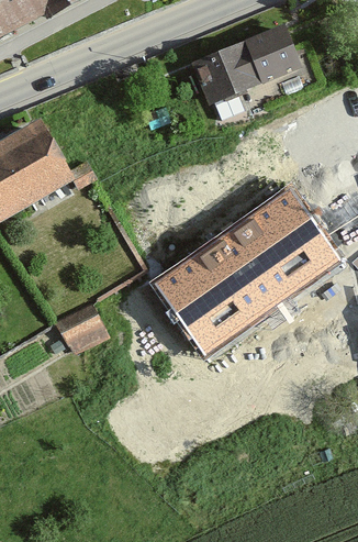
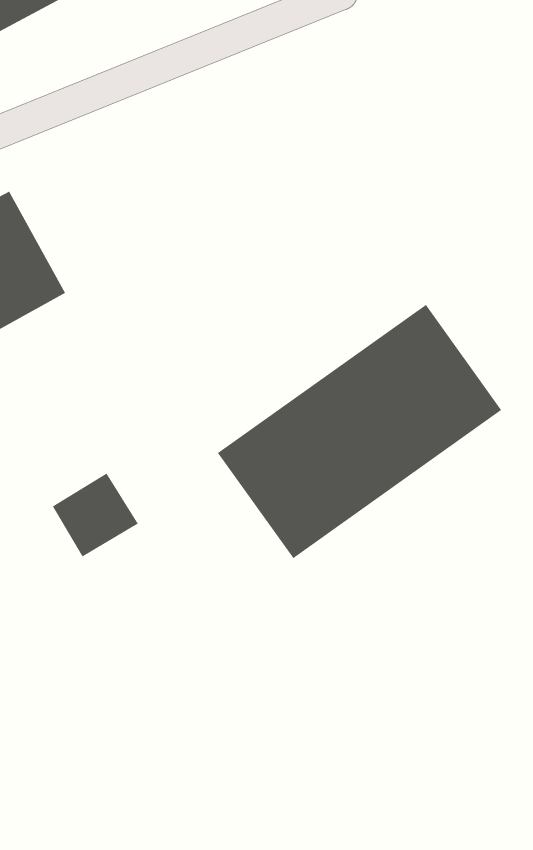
building: [186,24,298,104] -> none

